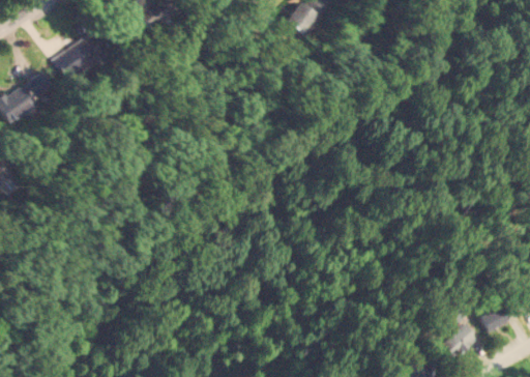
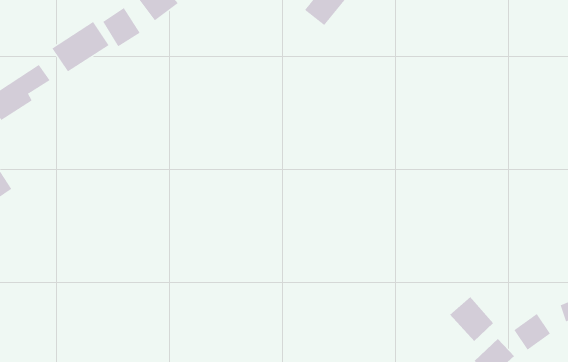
building: none -> [103,7,141,47]
building: none -> [449,296,494,342]

